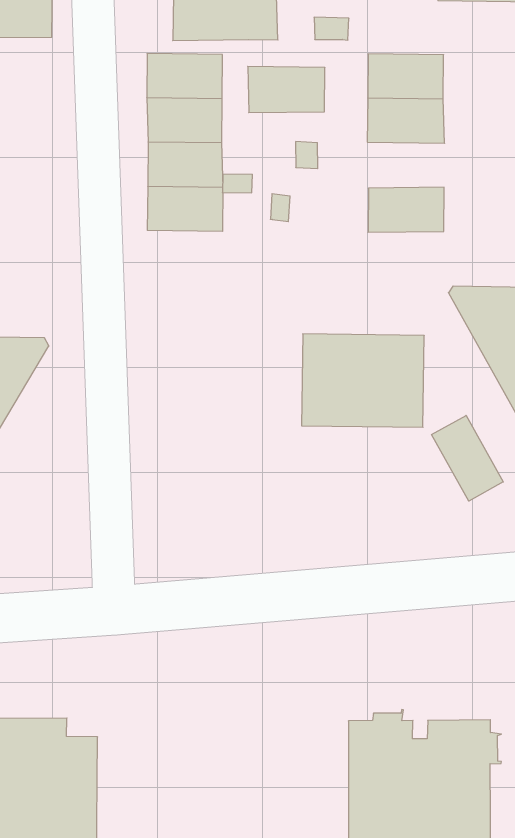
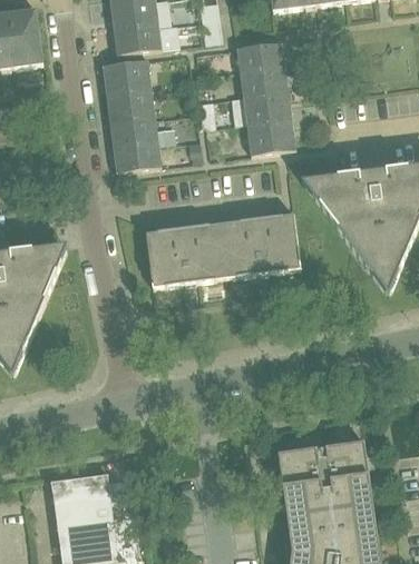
building: [248,66,325,113] -> [242,93,292,127]
building: none -> [145,220,225,286]
building: [432,415,503,501] -> none

